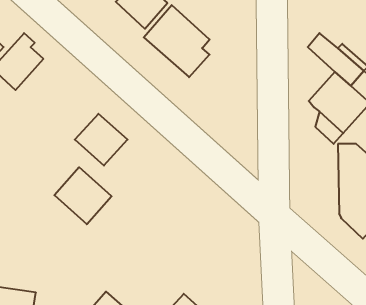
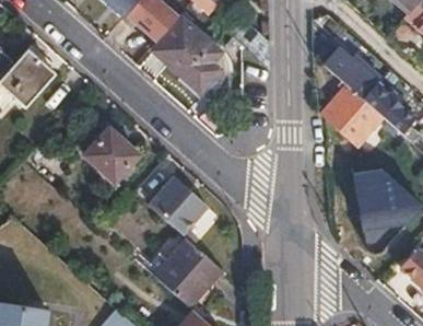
building: [54,167,112,224] -> [151,176,209,234]
building: none -> [154,237,223,305]

